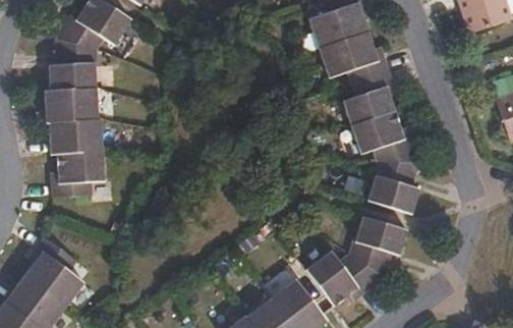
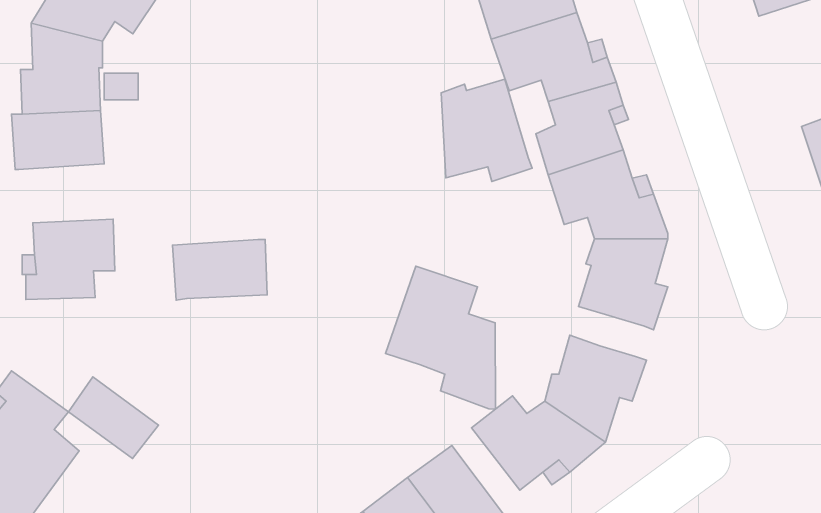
building: none -> [441,79,532,181]
building: [49,118,103,153] -> [172,240,267,300]
building: none -> [385,266,495,409]
building: none -> [69,377,158,458]

